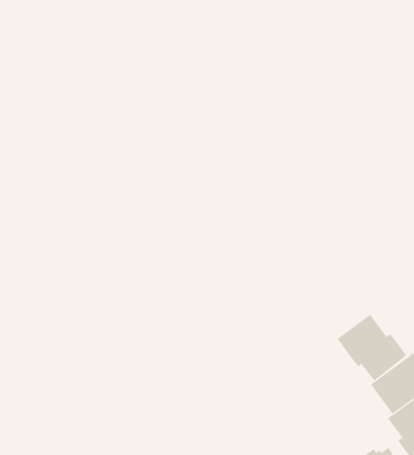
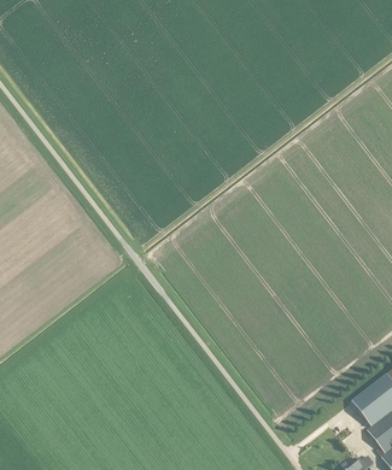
building: [337,314,407,381] -> none

